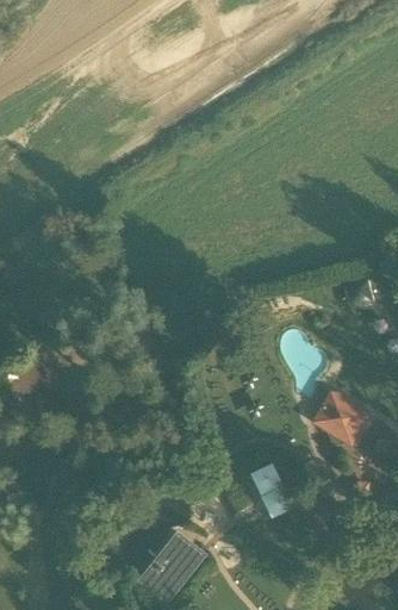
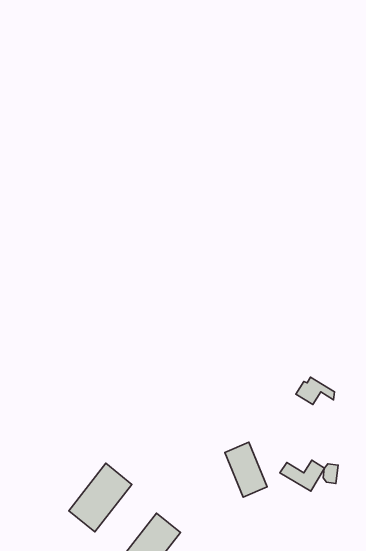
building: [316,409,362,441] -> [280,460,324,491]
building: none -> [69,463,132,532]

